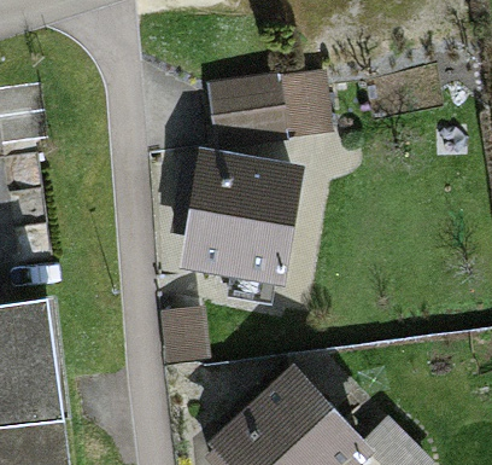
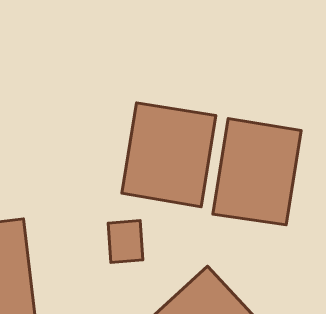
building: [206,64,336,146] -> none
building: none -> [213,119,301,225]

